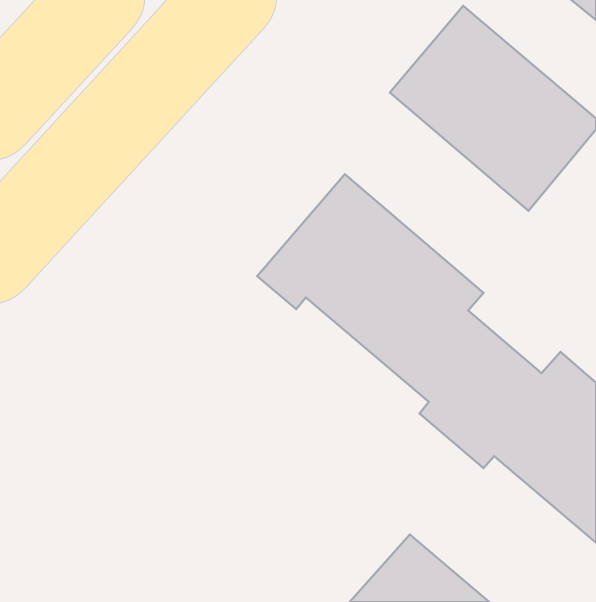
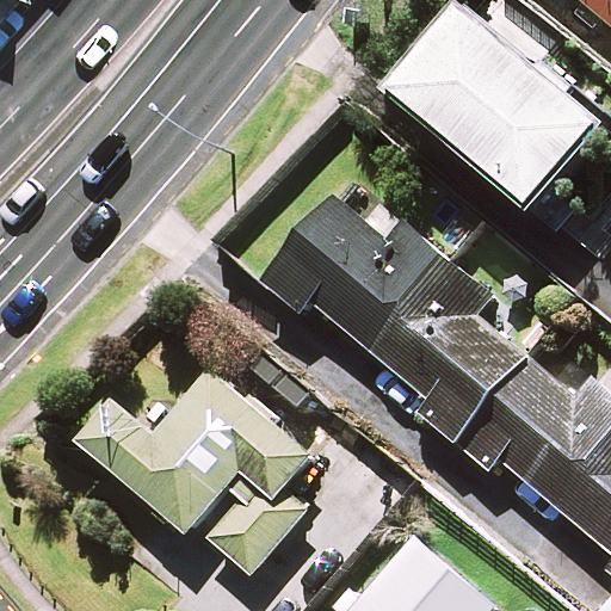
building: none -> [78,370,308,574]

